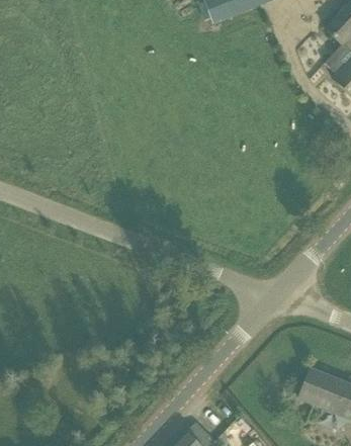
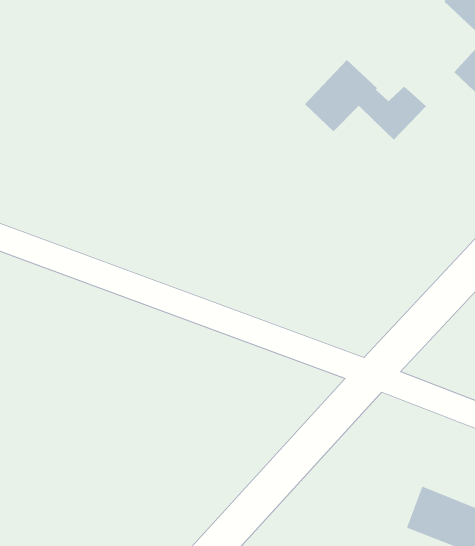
building: none -> [304,59,427,140]

